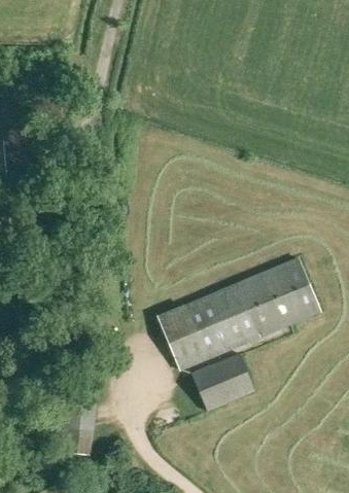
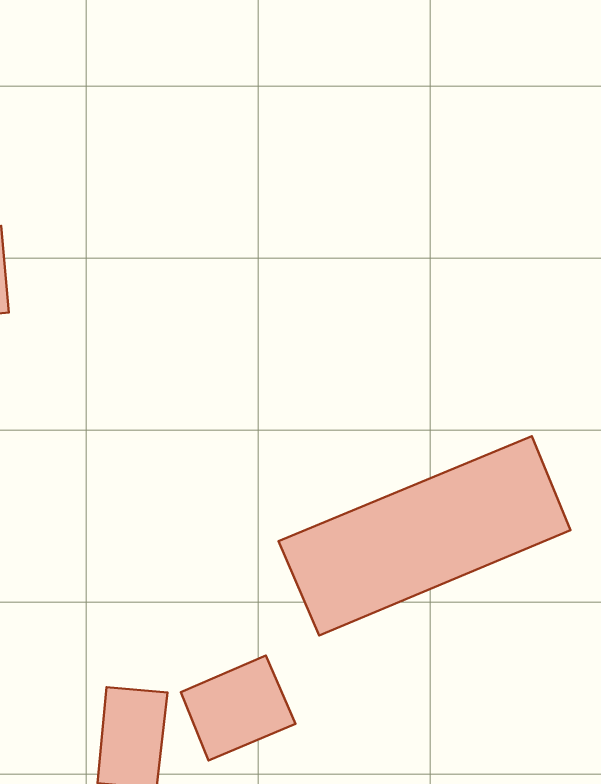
building: [190,353,254,412] -> [181,655,295,761]

